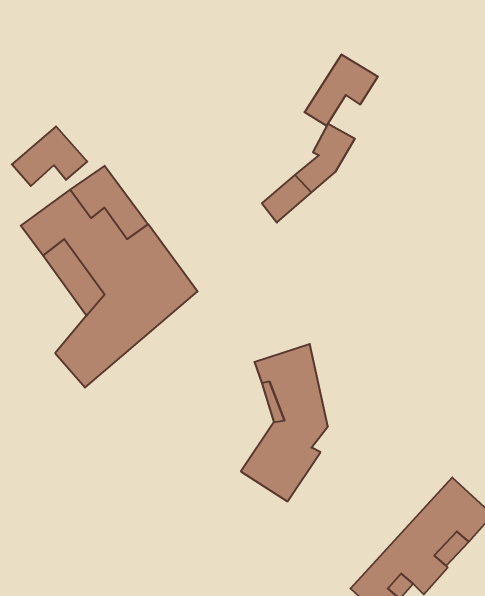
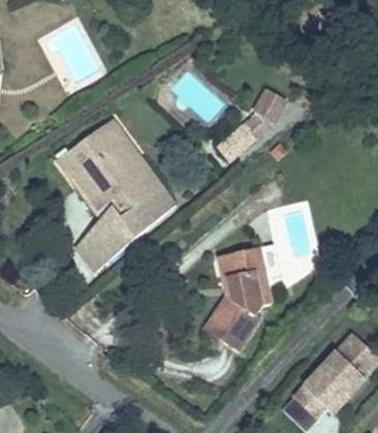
building: [304,54,378,126] -> none
building: [12,126,87,186] -> none

